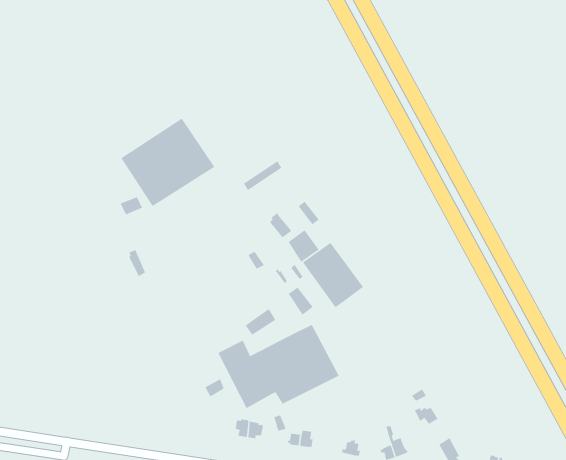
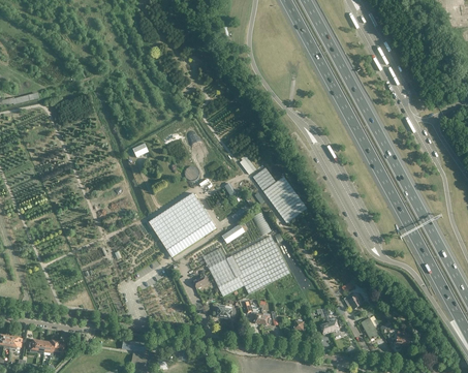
building: [121,118,215,207] -> [149,192,217,256]

